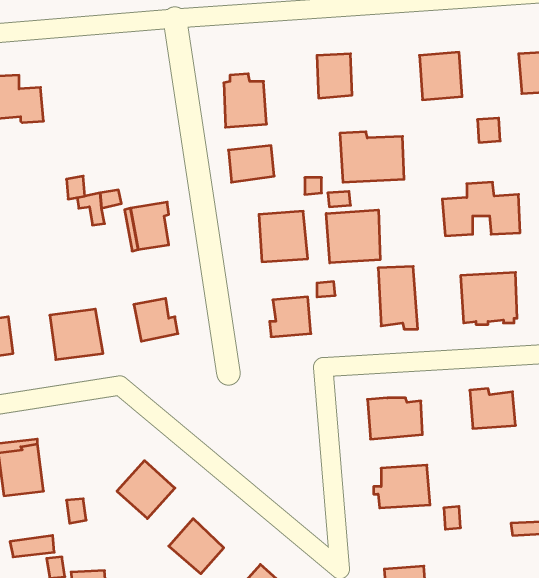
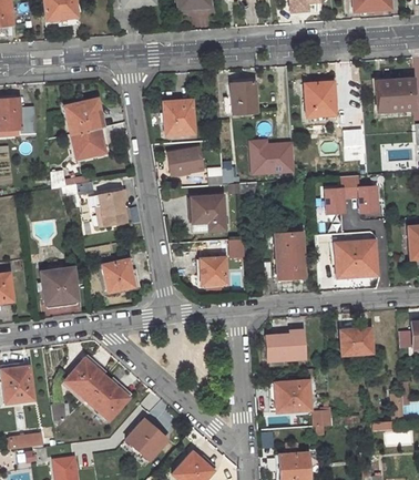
building: none -> [64,98,103,156]
building: [326,210,380,263] -> none
building: none -> [64,358,106,399]

